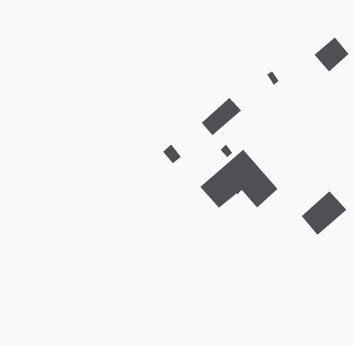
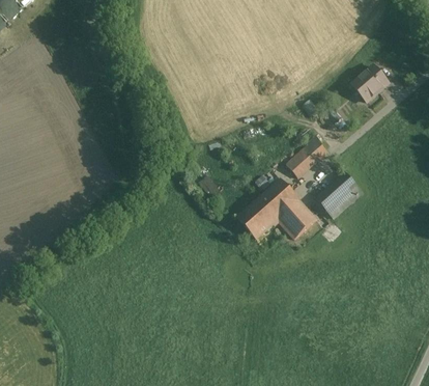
building: [201,97,242,136] -> [285,137,326,176]
building: [301,190,347,236] -> [315,171,362,217]

